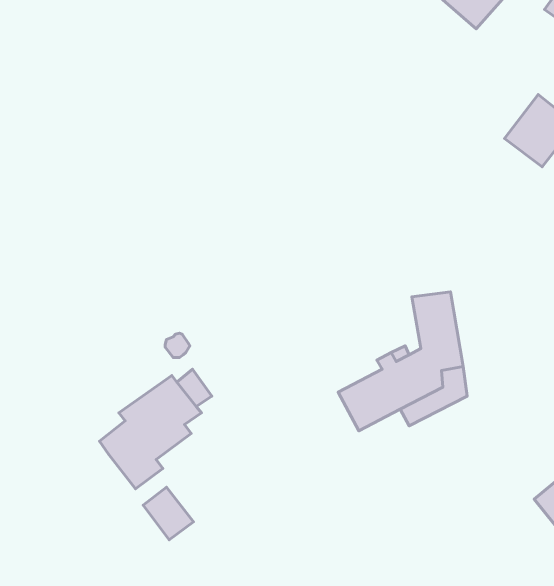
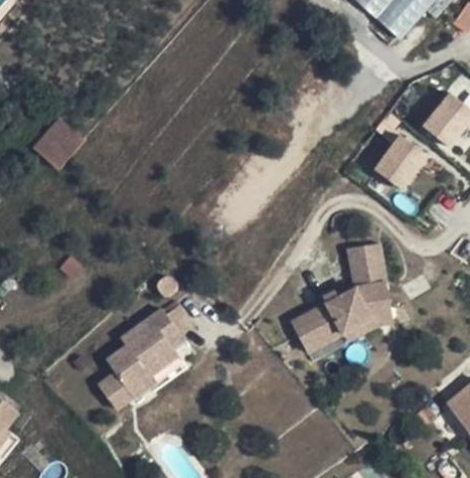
building: none -> [33,118,84,168]
building: none -> [376,134,432,191]
building: [143,487,194,540] -> [96,370,135,412]

